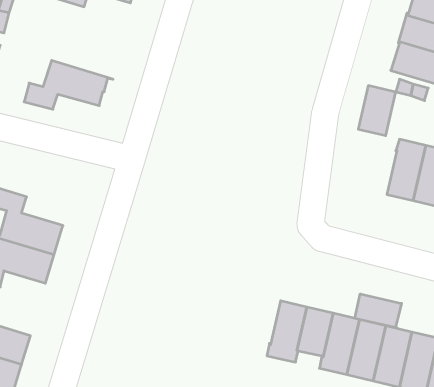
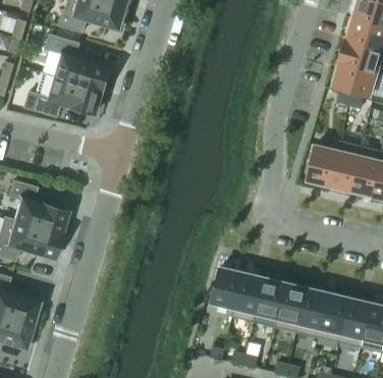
building: none -> [45,35,110,92]
building: [358,86,396,136] -> [307,145,337,185]
building: [355,294,402,328] -> none
building: none -> [212,267,242,308]

